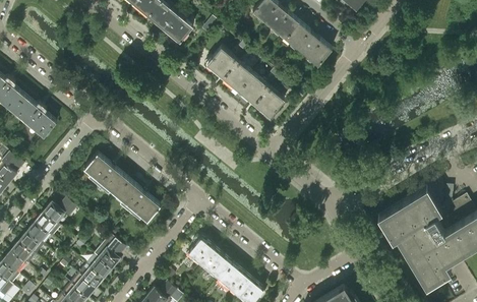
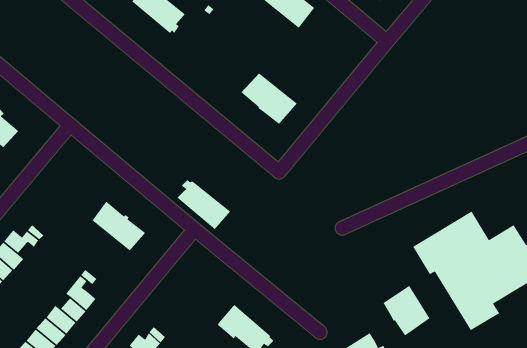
building: [285,21,331,65] -> none
building: [205,48,252,90] -> none
building: [83,153,127,195] -> none
building: [187,237,232,279] -> [176,179,231,230]
building: none -> [383,285,430,336]

